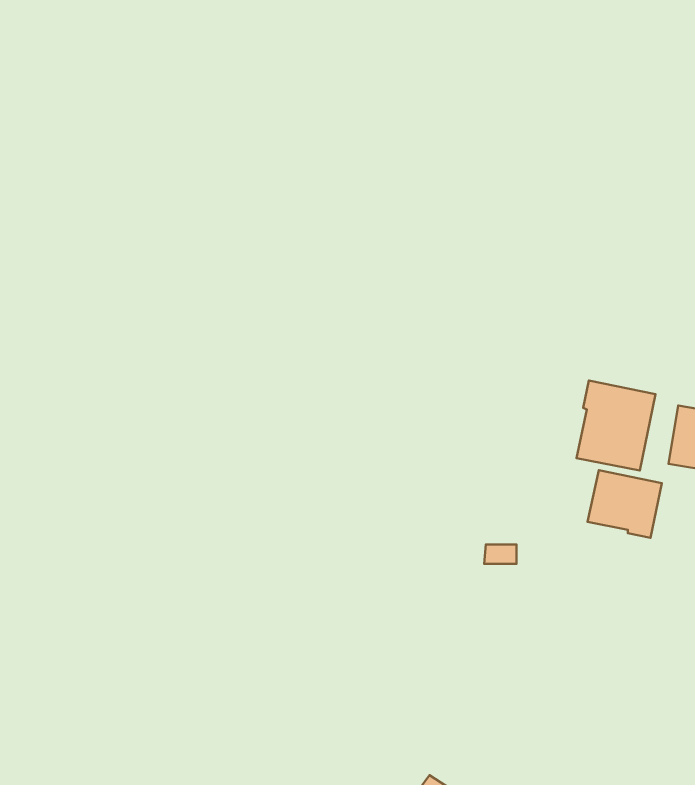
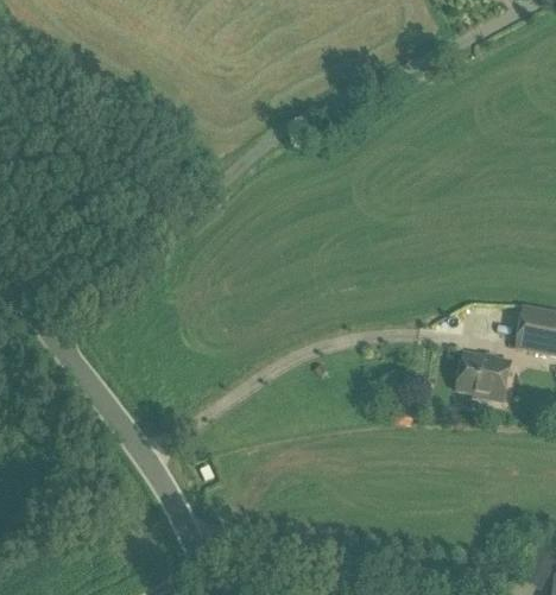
building: [576,380,656,470] -> none

